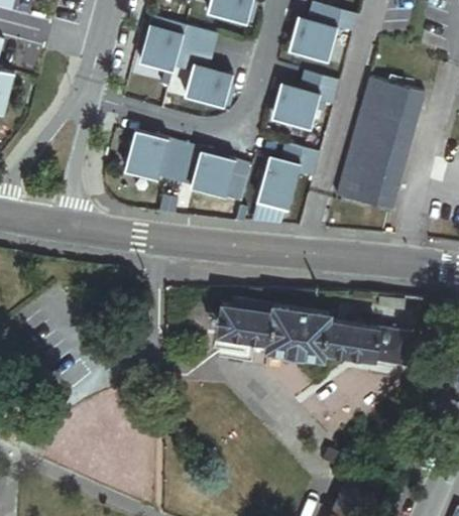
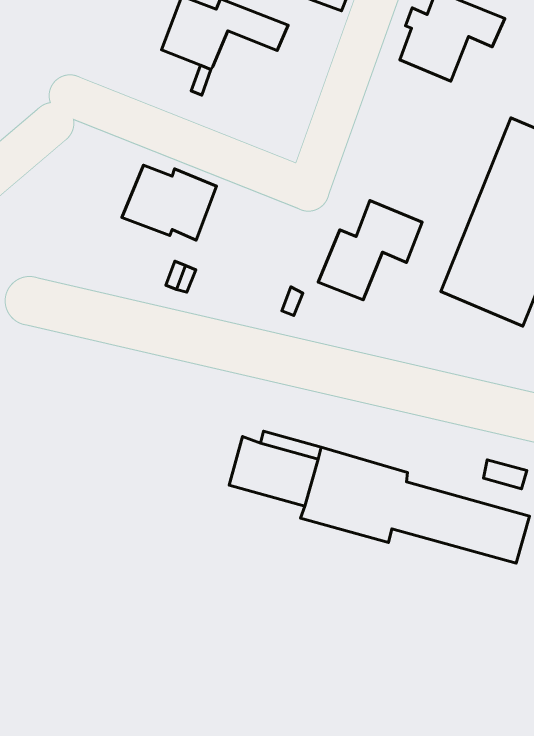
building: [173,44,233,107] -> none
building: [276,73,338,128] -> none
building: [175,145,235,197] -> none

